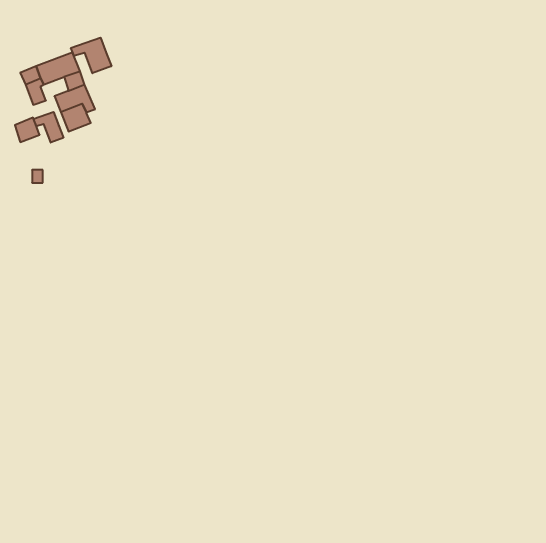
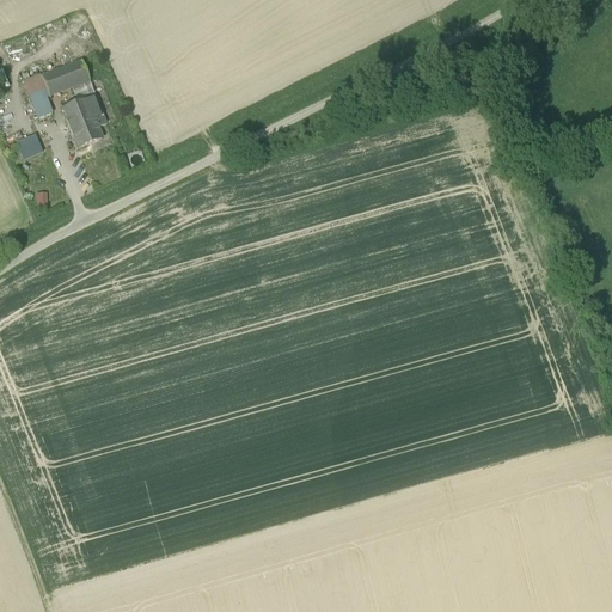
building: [71,38,111,73] -> none
building: [34,112,63,143] -> none

